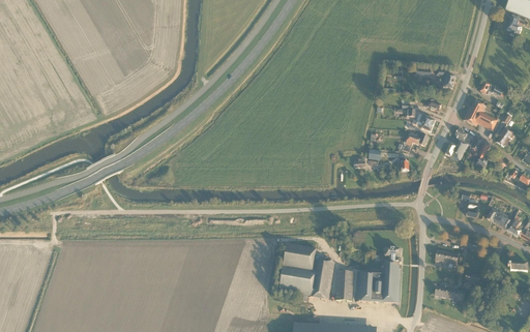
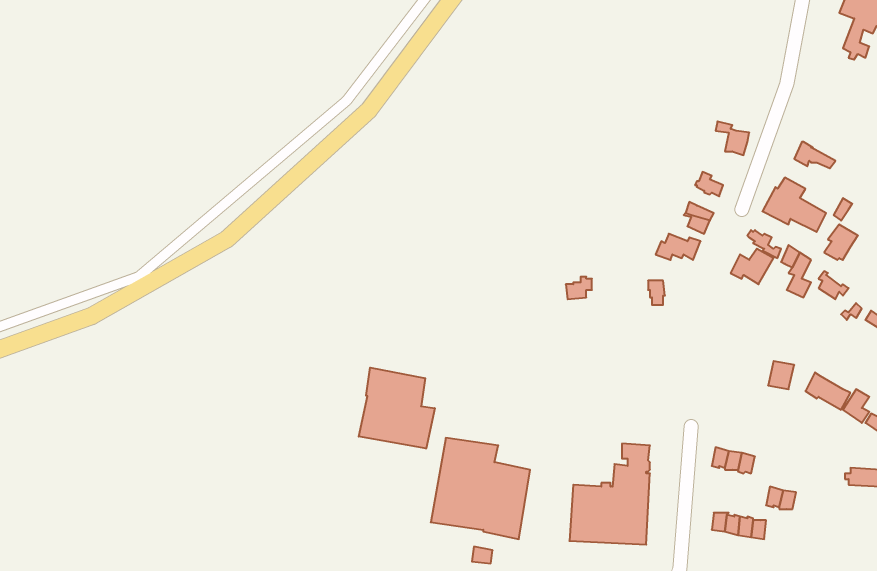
building: none -> [359,368,435,449]
building: [334,270,353,302] -> none

